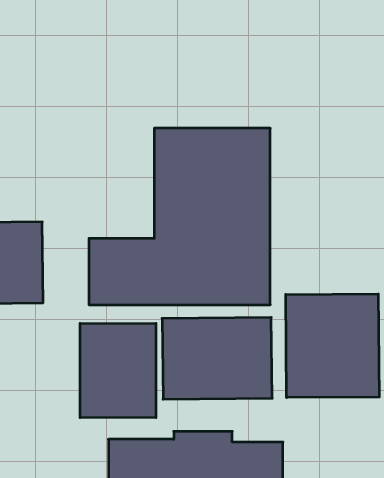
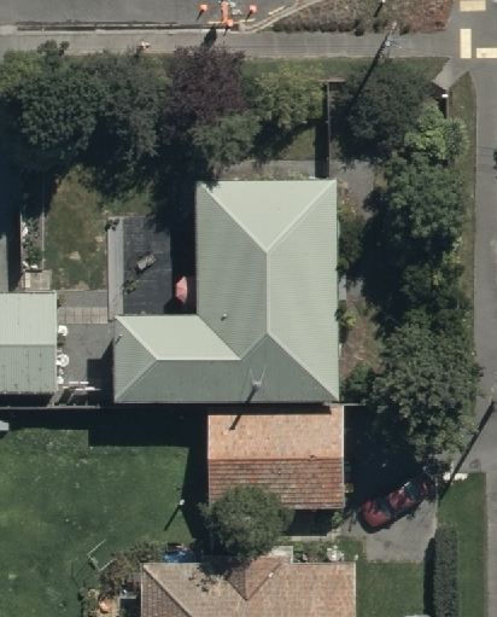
building: [286,294,379,398] -> none
building: [80,323,156,418] -> none

